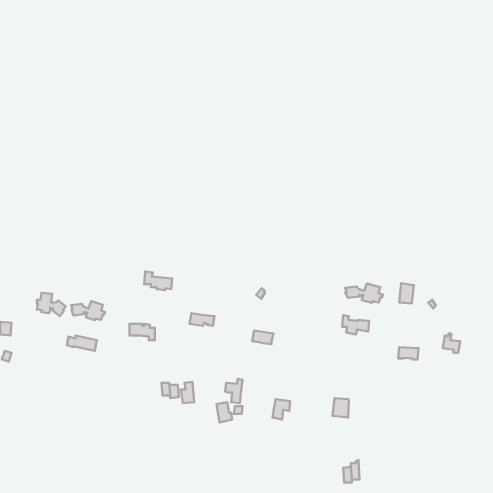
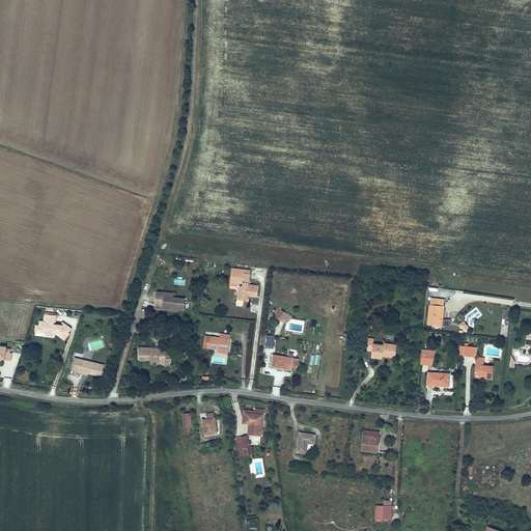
building: none -> [231,270,259,302]
building: [345,283,383,303] -> none
building: [71,301,105,320] -> none

